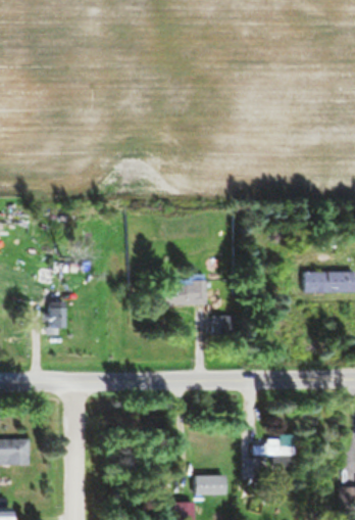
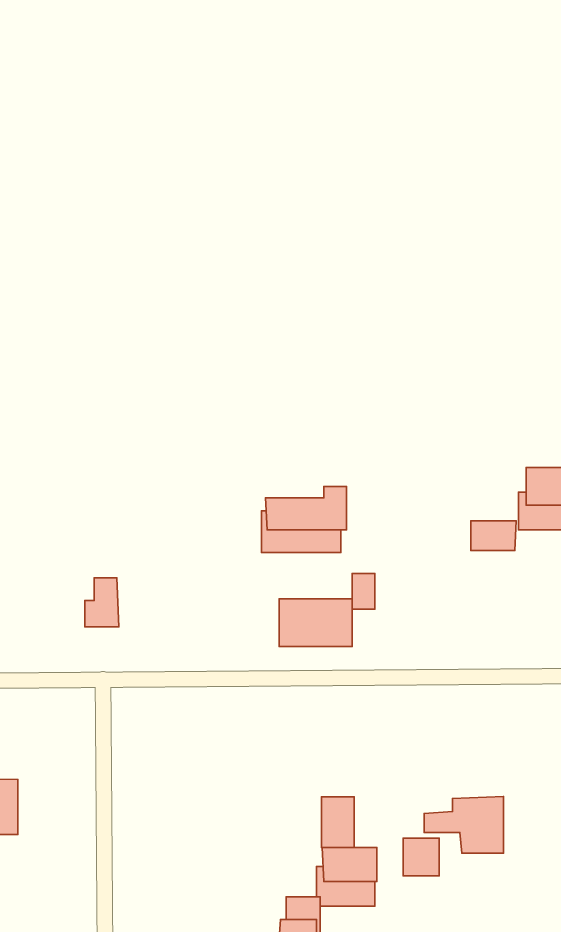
building: none -> [471,521,516,551]
building: [48,296,66,323] -> [85,578,119,627]
building: none -> [279,599,352,647]
building: none -> [321,797,354,848]

